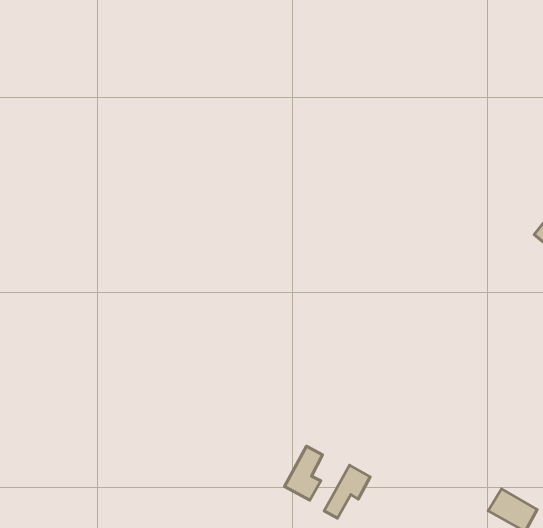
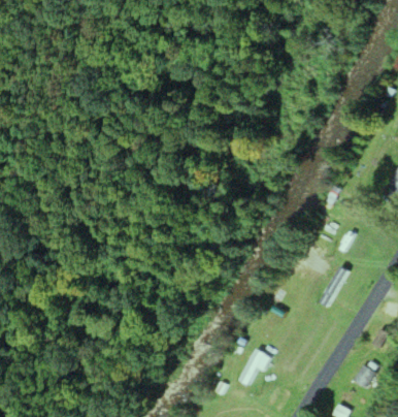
building: [284,446,323,500] -> none

